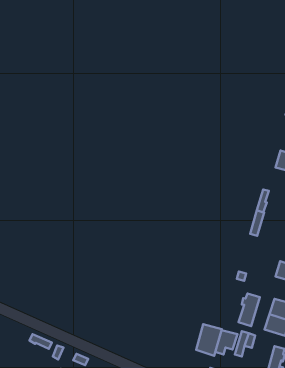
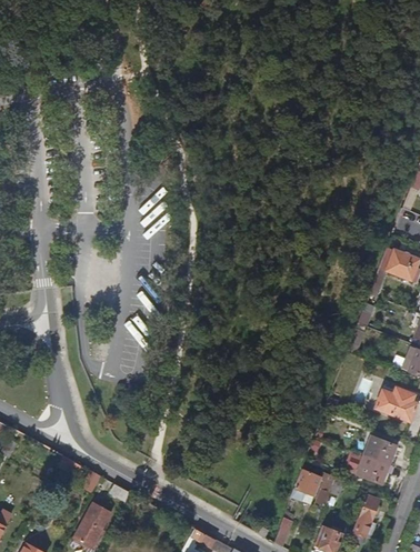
building: [239,293,260,326] -> none
building: [196,324,222,356] -> none

